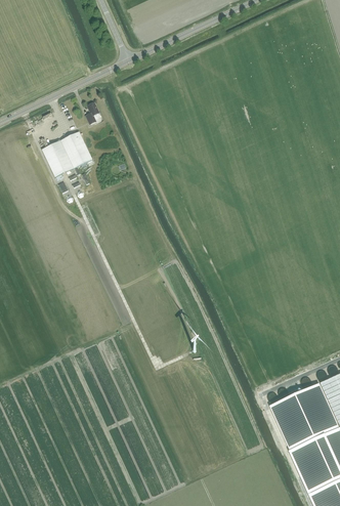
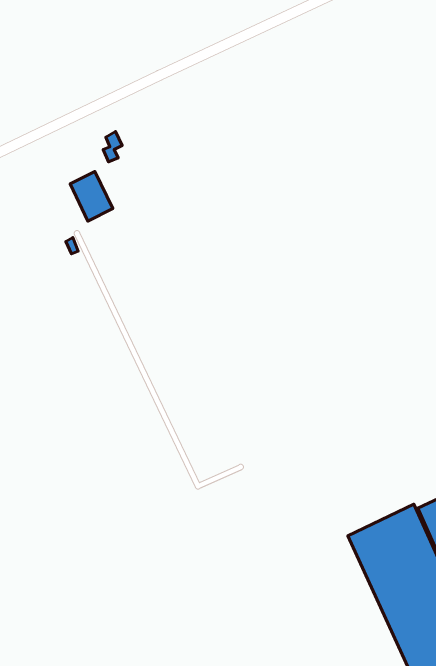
building: [42,140,74,176] -> none

